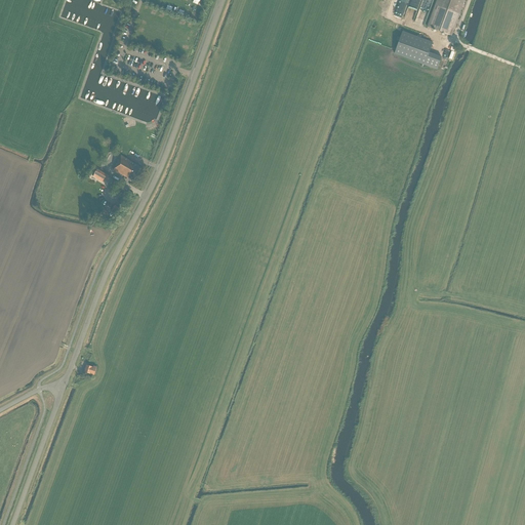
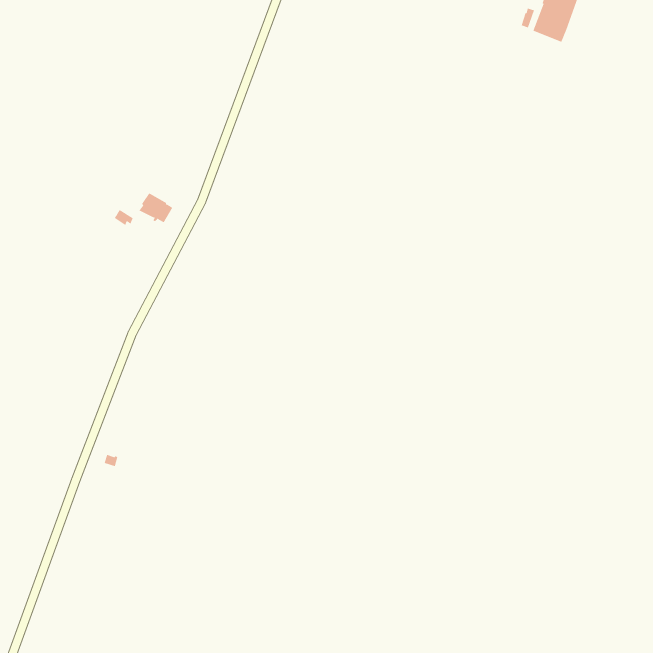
building: [393,30,431,63] -> none

